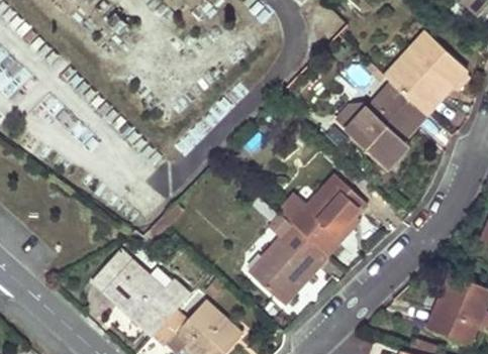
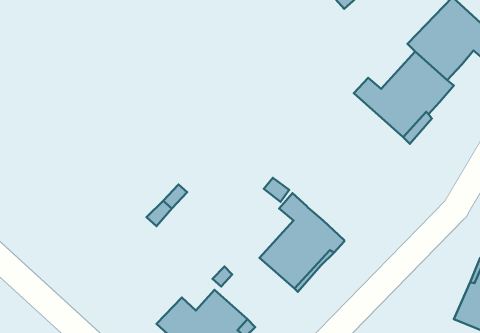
building: [279,176,366,257] -> none
building: [94,251,189,336] -> none

